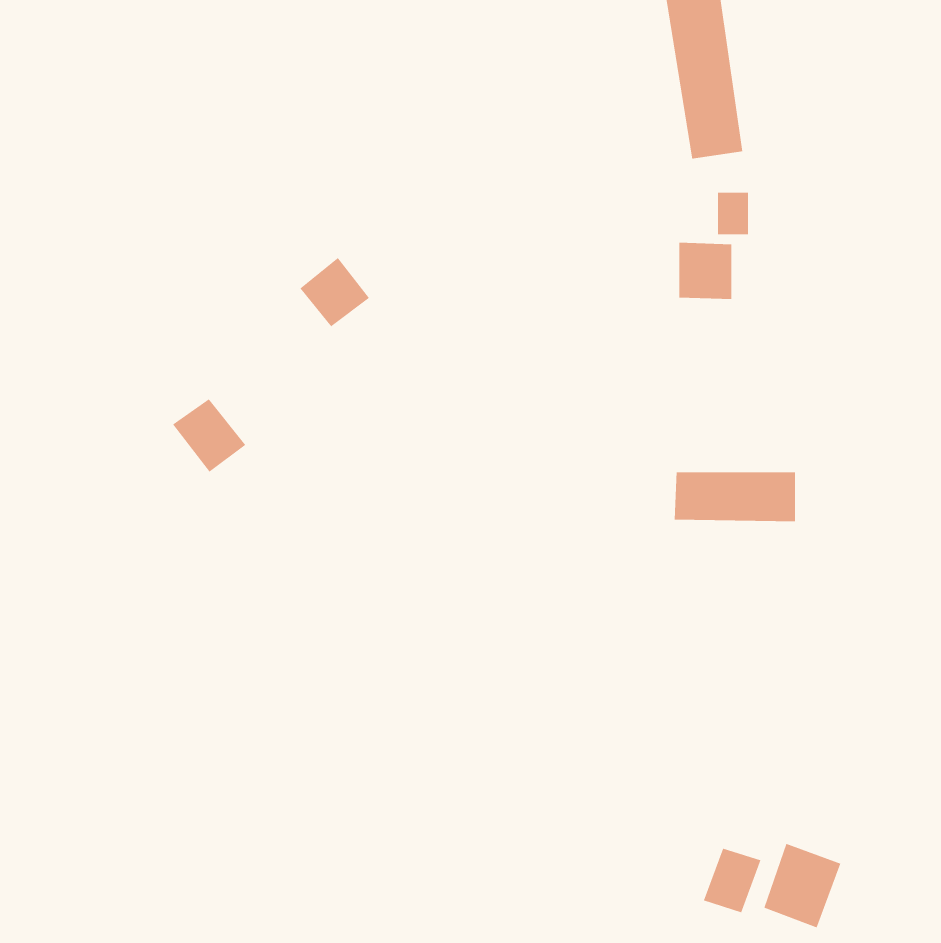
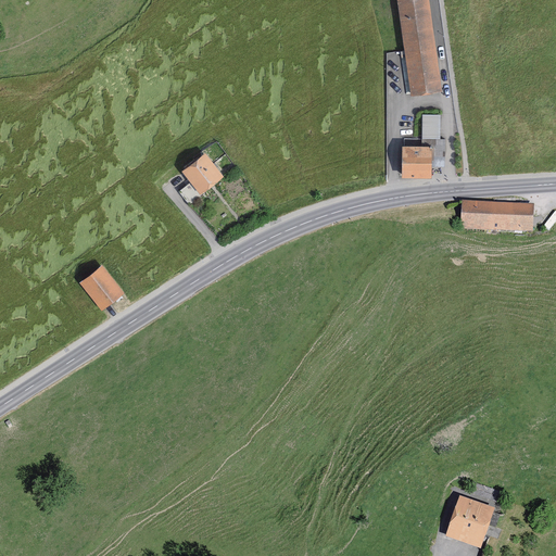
building: [172,399,246,473] -> [83,265,126,308]
building: [674,472,796,522] -> [459,203,531,232]
building: [703,848,761,913] -> none

